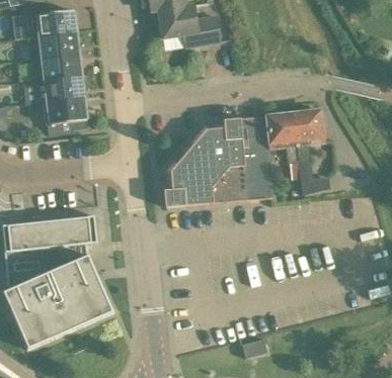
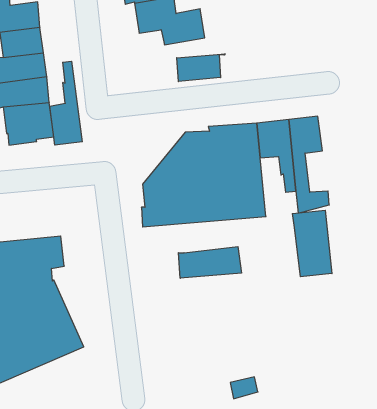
building: none -> [177,54,225,82]
building: none -> [50,61,82,145]
building: none -> [292,210,332,277]
building: none -> [178,247,241,278]

